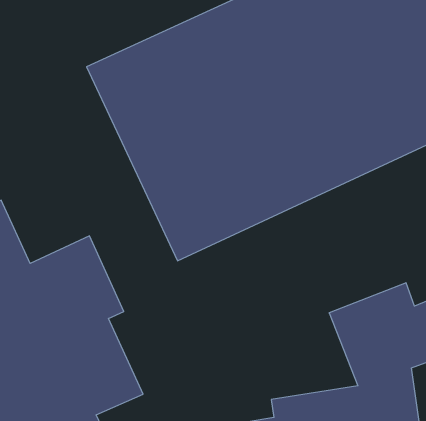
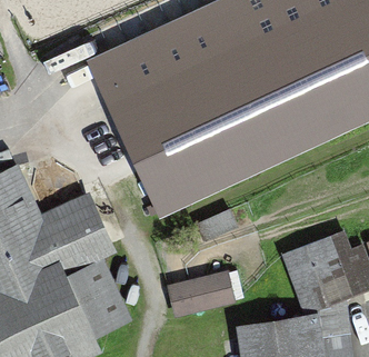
building: none -> [168,271,237,319]

